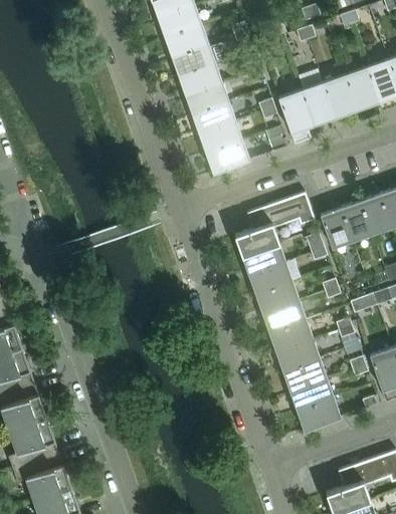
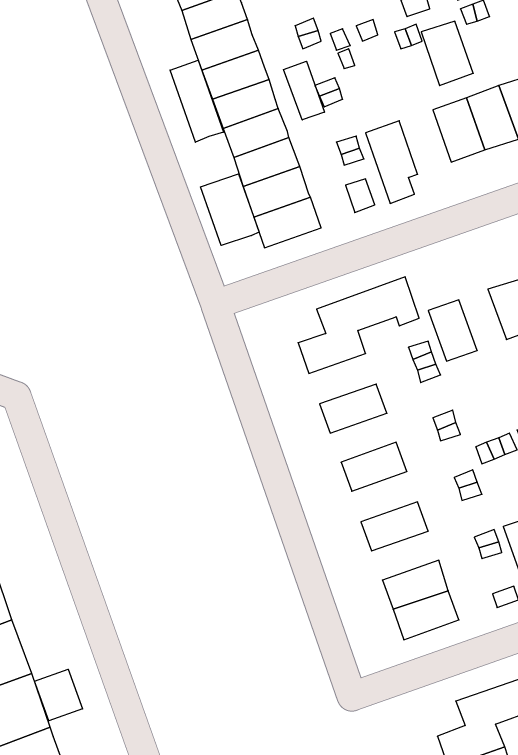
building: none -> [170,60,224,142]
building: none -> [283,61,324,120]
building: [301,83,335,125] -> [421,21,473,86]
building: none -> [201,174,259,245]
building: [340,201,371,241] -> none
building: [241,243,285,276] -> none
building: [255,282,299,314] -> none
building: [269,320,313,353] -> none
building: [282,359,327,392] -> none
building: none -> [34,669,83,721]

